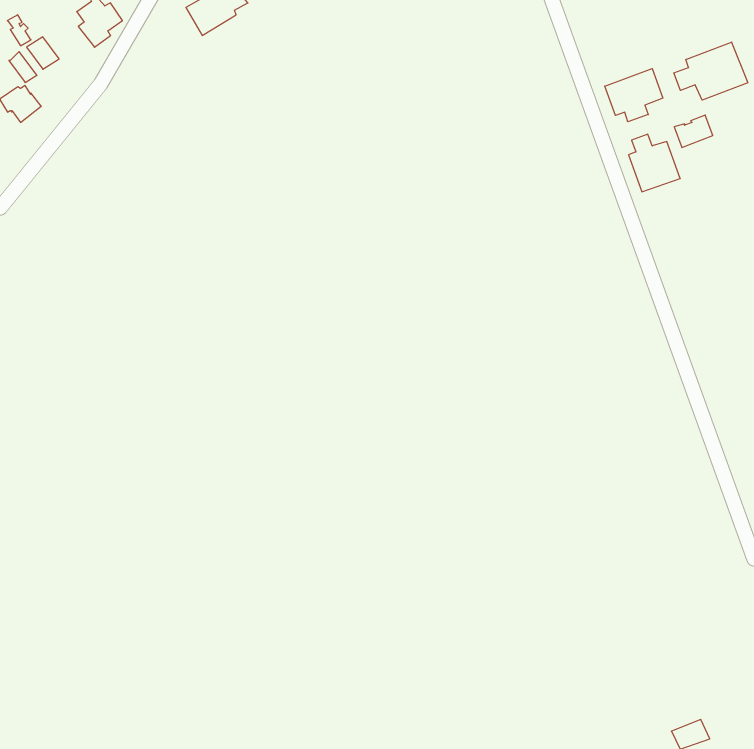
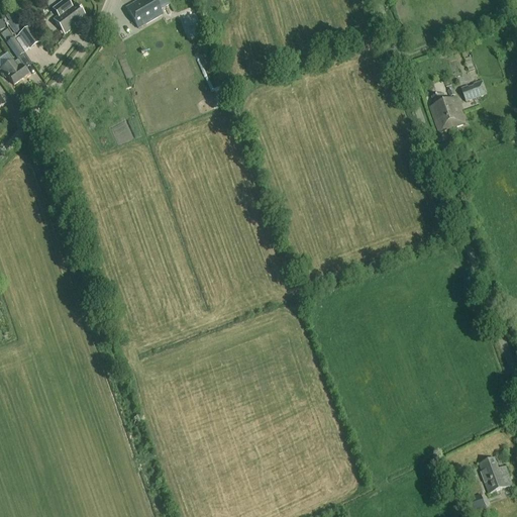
building: [674,42,748,100] -> none
building: [605,69,663,122] -> none
building: none -> [479,456,512,493]

